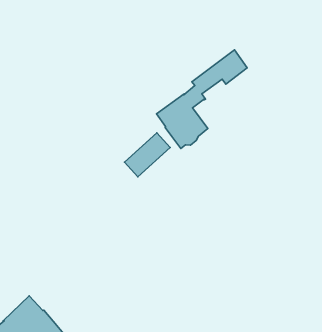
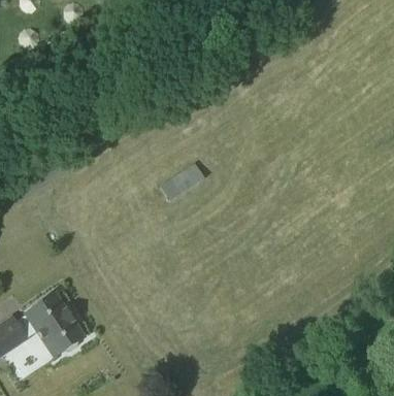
building: [157,50,247,149] -> none

